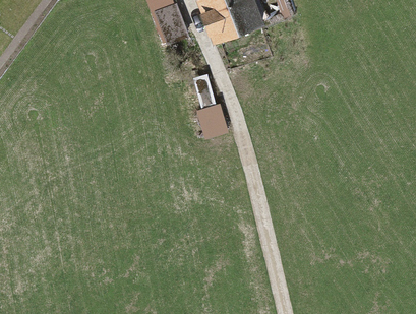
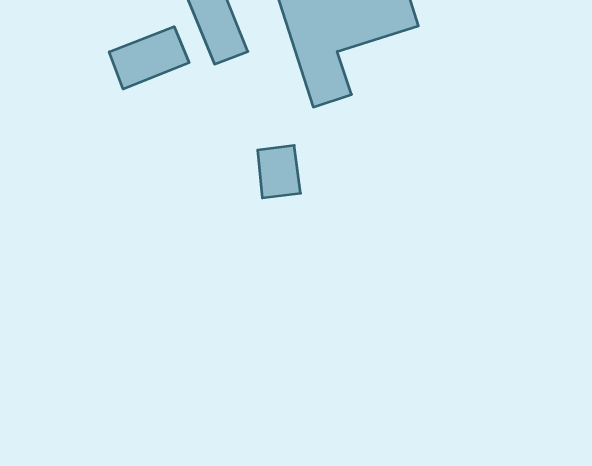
building: none -> [109,27,189,89]

